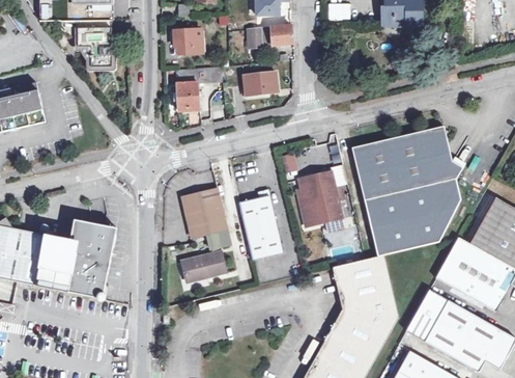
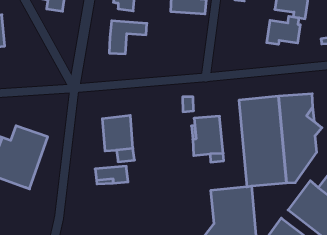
building: none -> [267,16,300,44]
building: [244,72,278,94] -> none
building: [238,189,283,260] -> none

